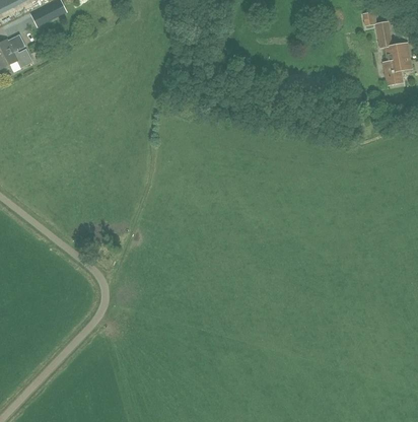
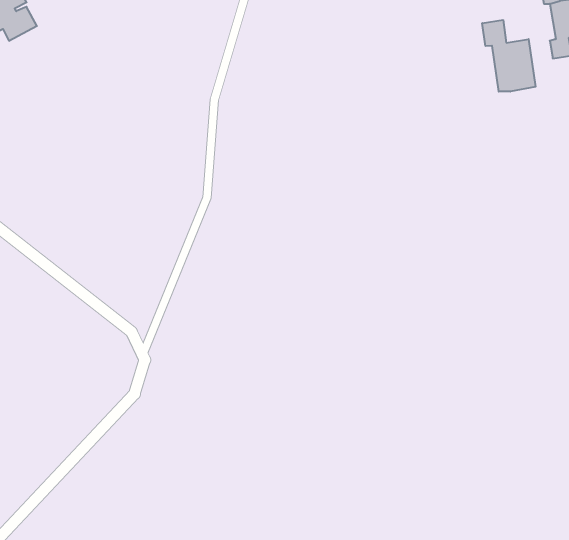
building: none -> [482,20,536,92]

